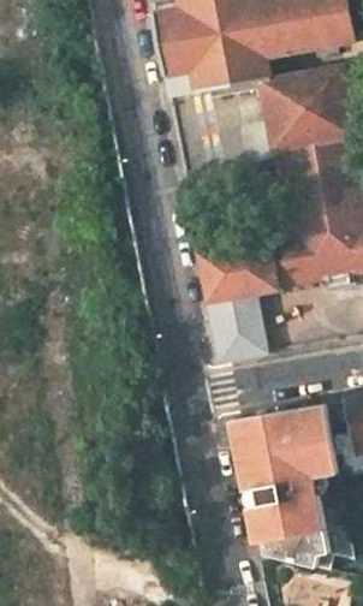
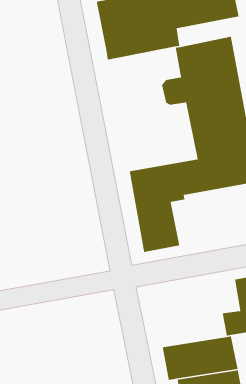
building: [230,404,333,493] -> none

